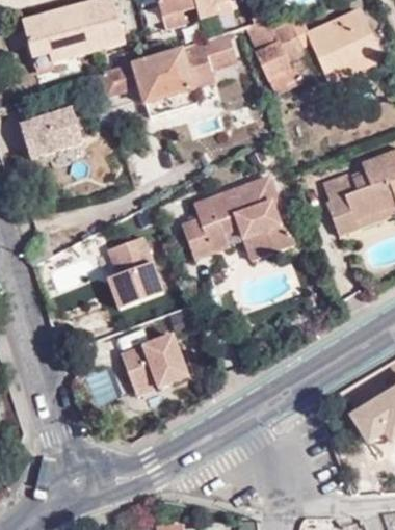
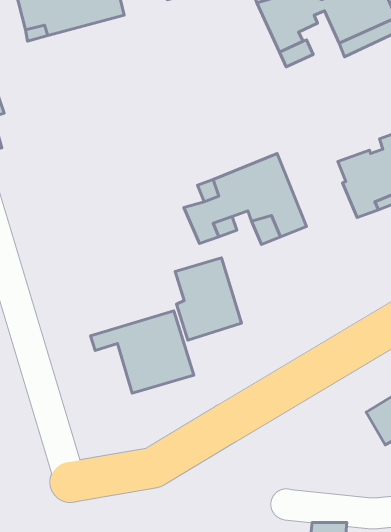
building: [100,37,244,125] -> none
building: [16,102,85,160] -> none
building: [104,233,165,309] -> [175,258,242,340]

